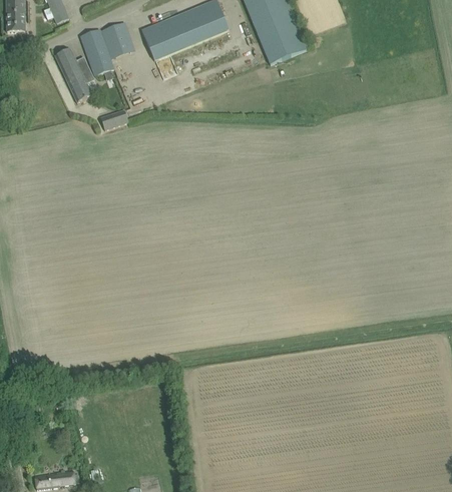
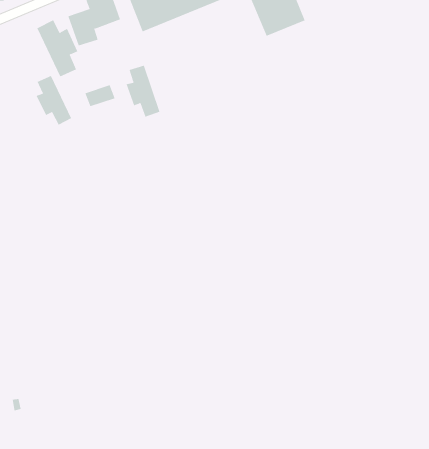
building: none -> [126,65,160,118]
building: none -> [36,75,72,126]

